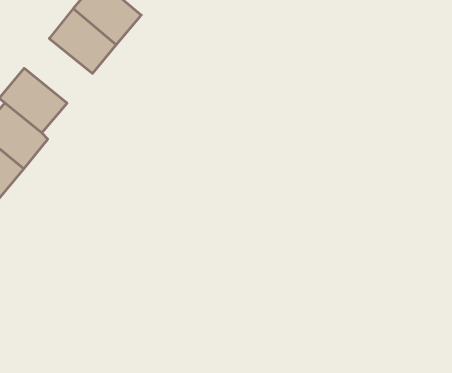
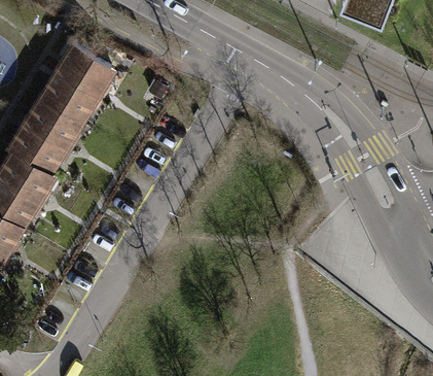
building: none -> [27,98,80,146]

